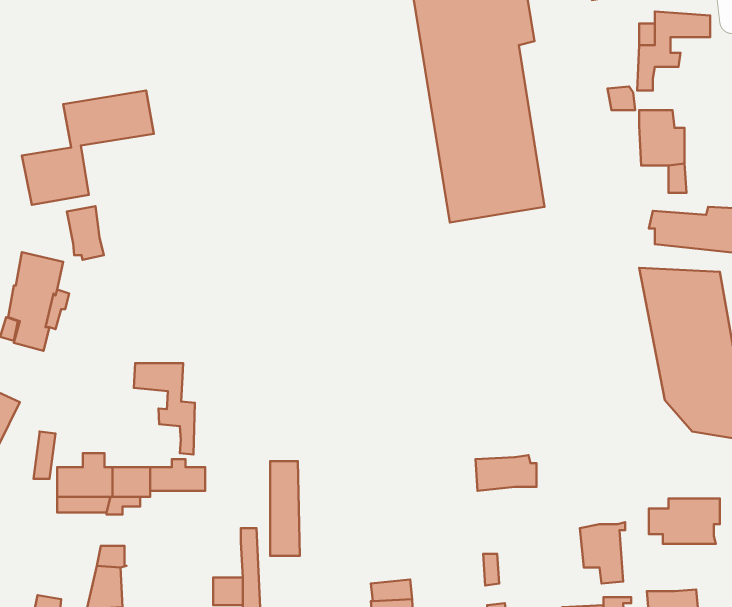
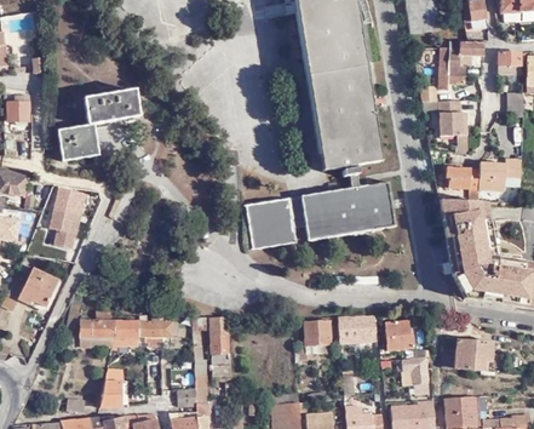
building: [67,206,104,260] -> none
building: none -> [247,182,397,250]
building: [134,363,195,455] -> none
building: none -> [305,320,331,345]
building: none -> [386,321,413,349]

